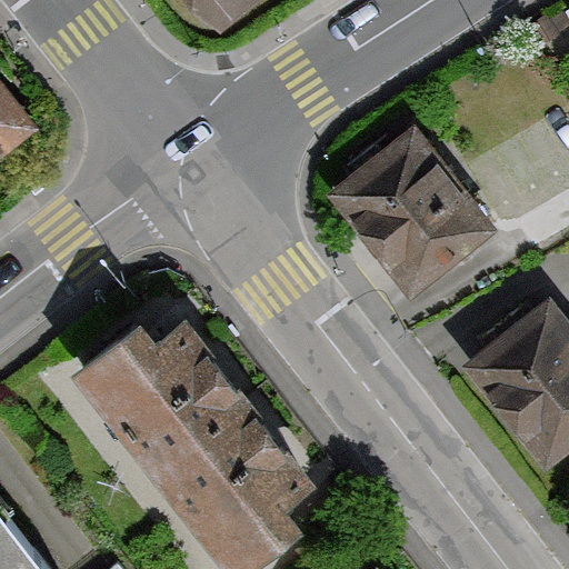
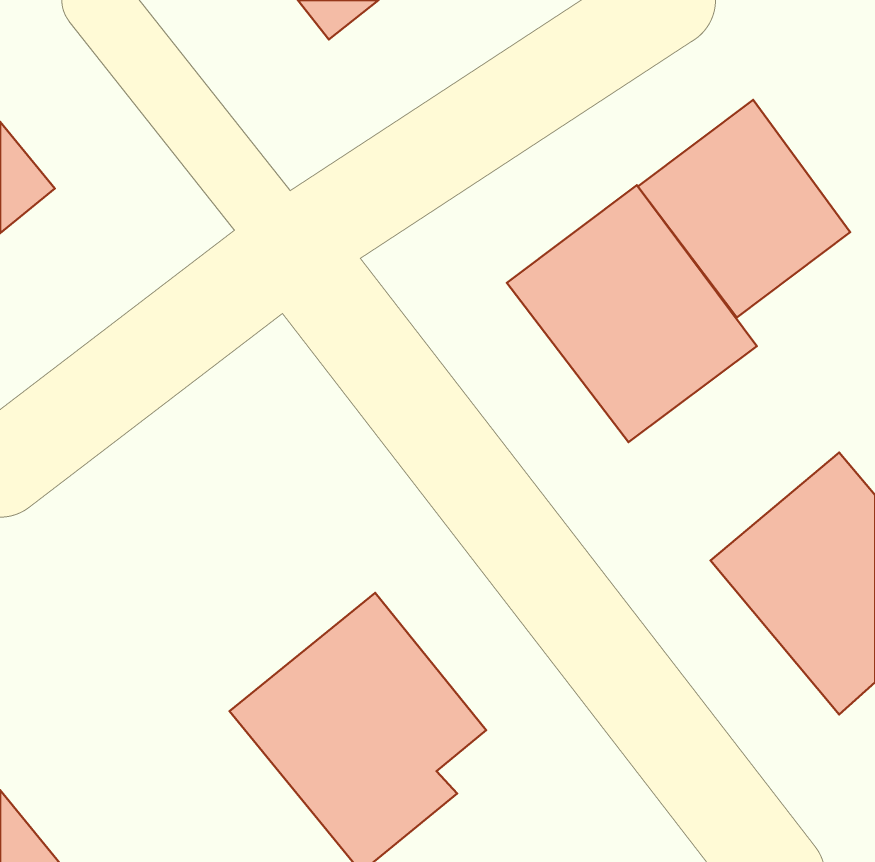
building: none -> [638,100,850,318]
building: [72,318,243,470] -> none

